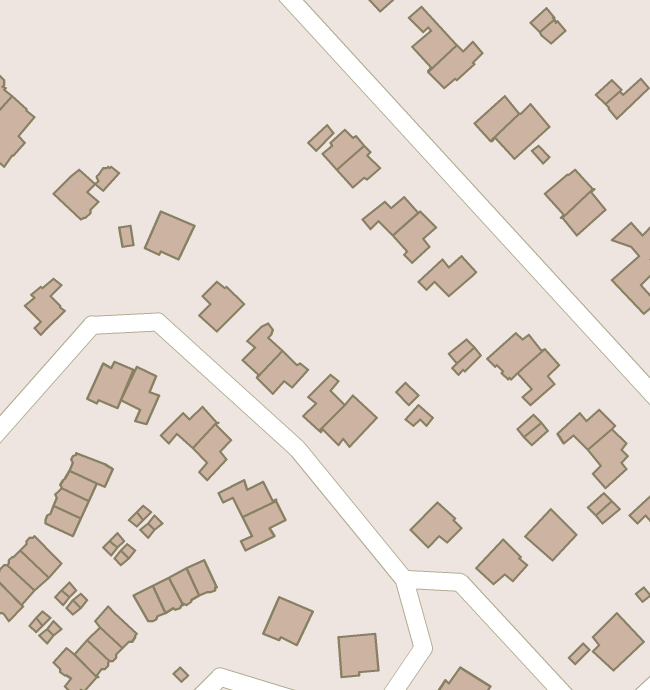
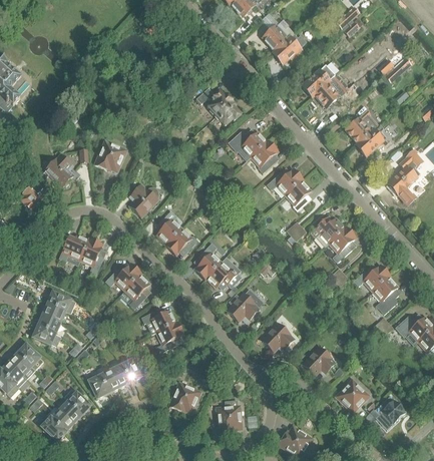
building: [54,170,98,219] -> [45,155,73,186]
building: none -> [286,181,311,211]
building: none -> [227,288,265,322]
building: [525,509,576,560] -> [336,380,368,412]

